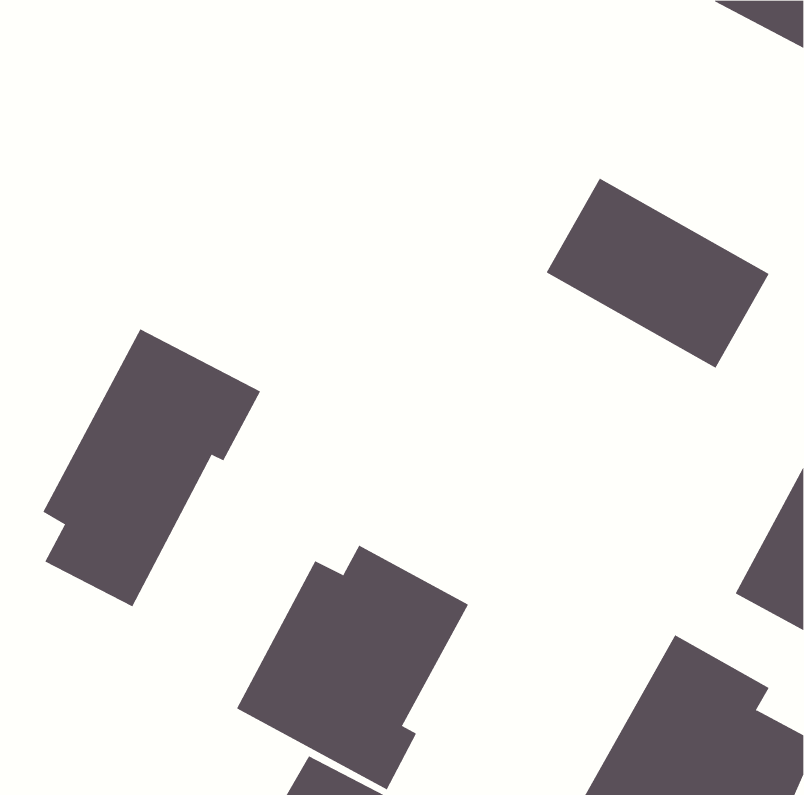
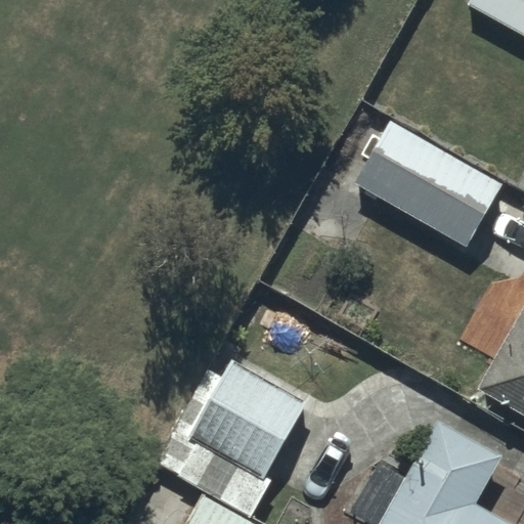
building: [43,329,261,607] -> none

